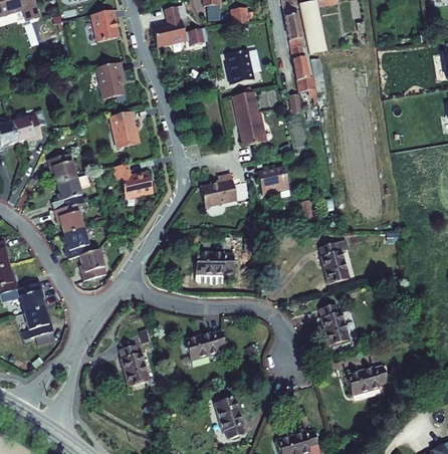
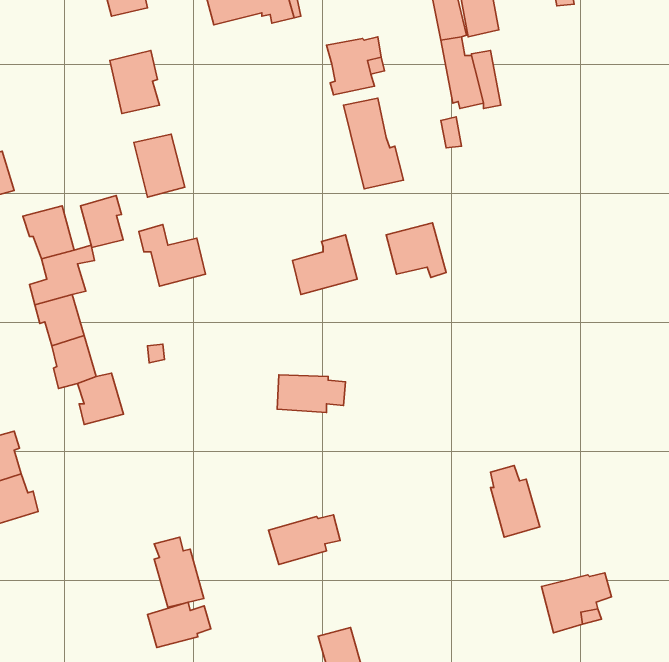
building: none -> [80,195,123,248]
building: [322,245,351,286] -> none
building: none -> [148,602,211,648]

